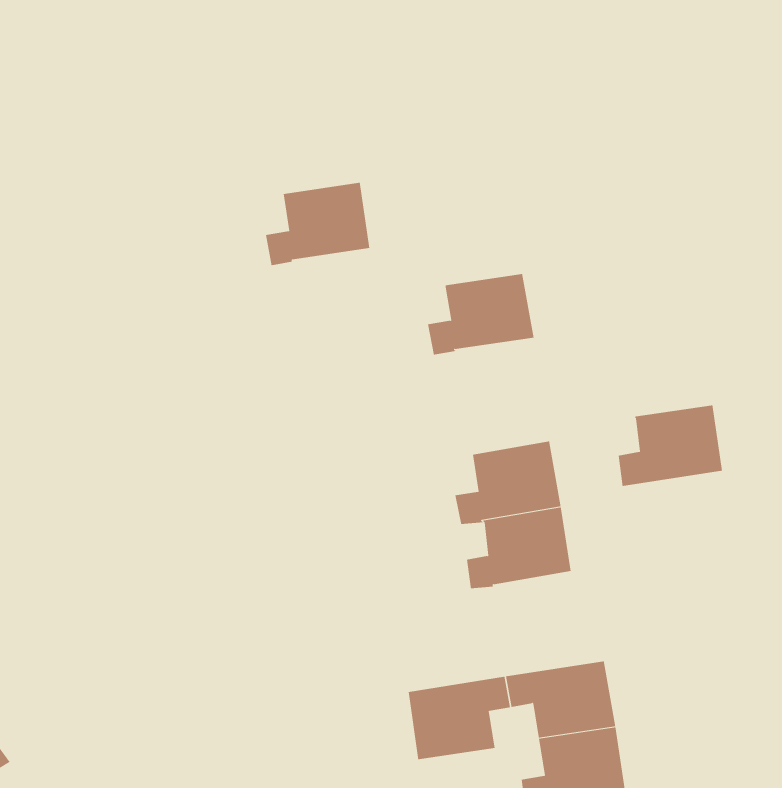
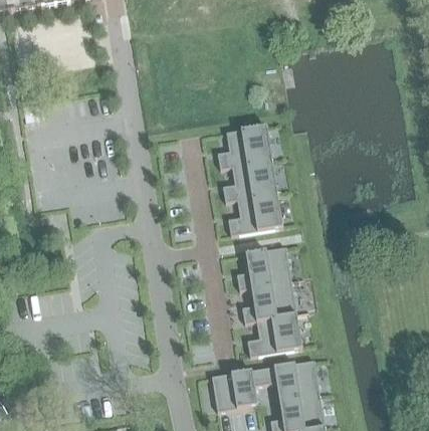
building: [265,182,370,266] -> [217,126,271,169]
building: [618,405,723,486] -> [228,193,282,235]
building: none -> [247,313,301,356]

